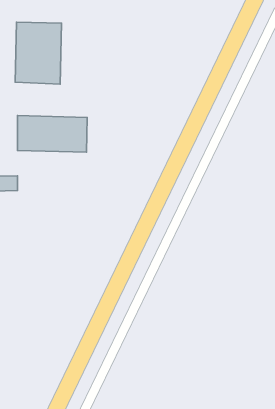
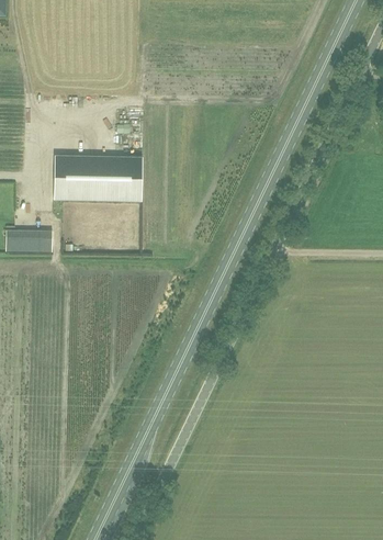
building: [15,22,62,84] -> none

